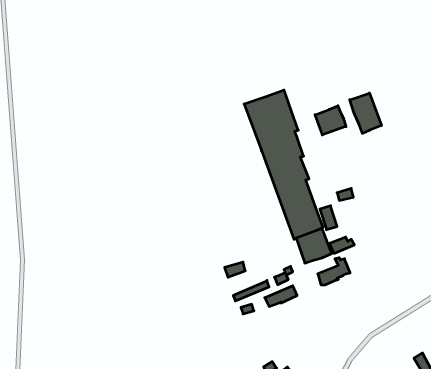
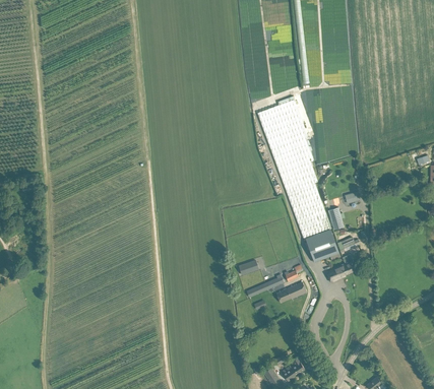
building: [350,93,381,133] -> none
building: [315,106,346,135] -> none

